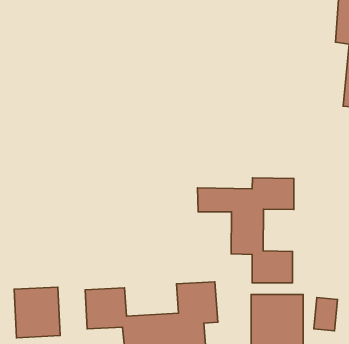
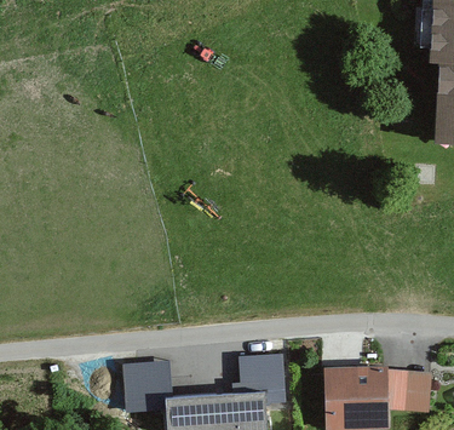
building: [198,178,294,283] -> none
building: [14,287,60,338] -> none

